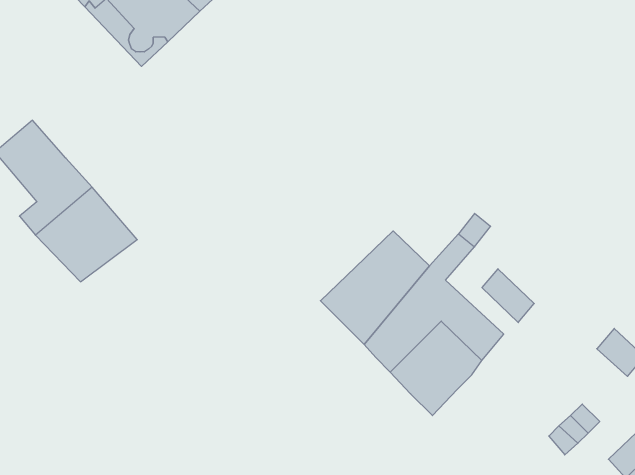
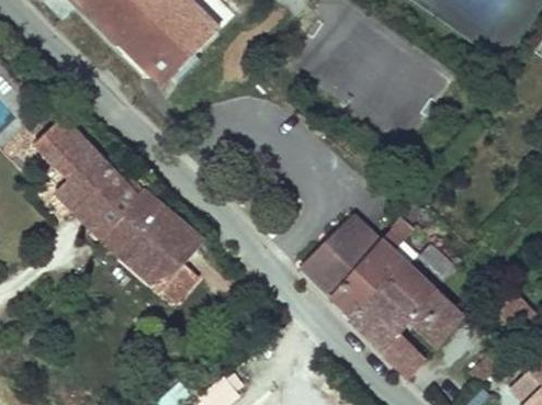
building: none -> [115,213,216,316]
building: none -> [410,291,461,345]
building: none -> [381,333,425,380]

